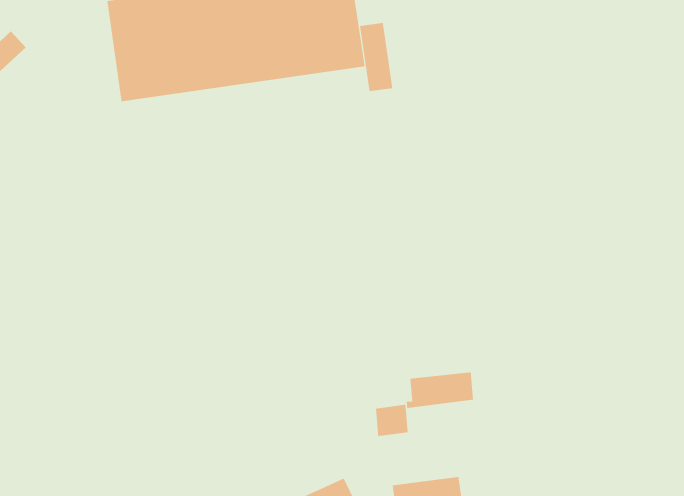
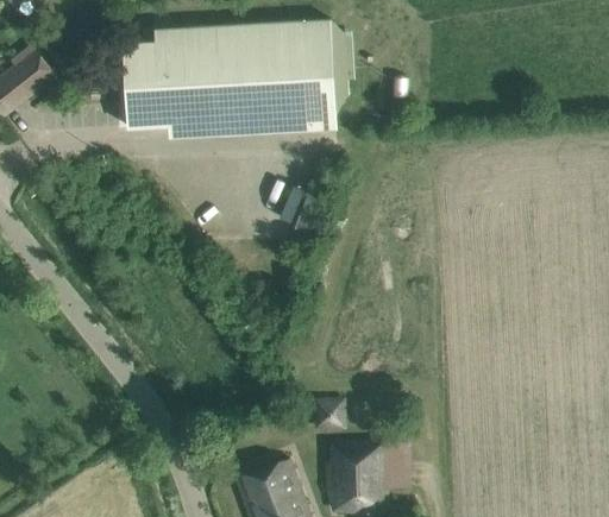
building: [359,22,393,92] -> none
building: [406,372,474,409] -> [328,443,385,469]

